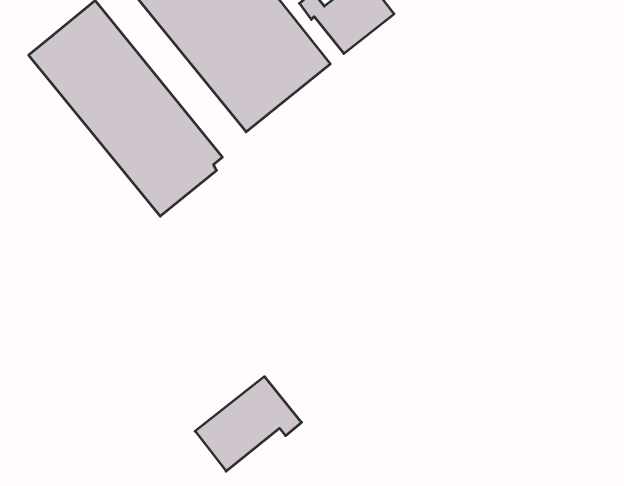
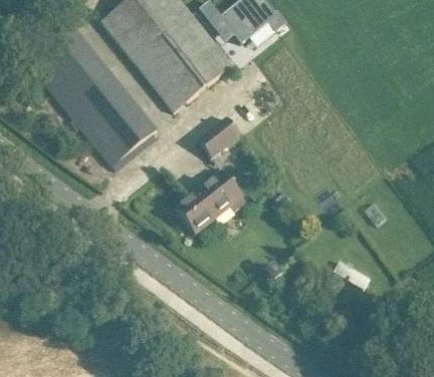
building: none -> [200,118,240,154]
building: [195,377,302,471] -> [173,169,245,234]

